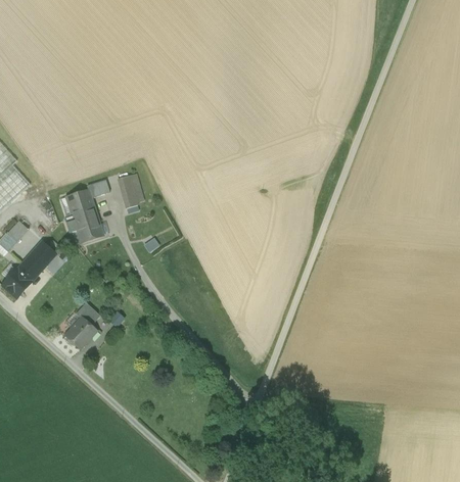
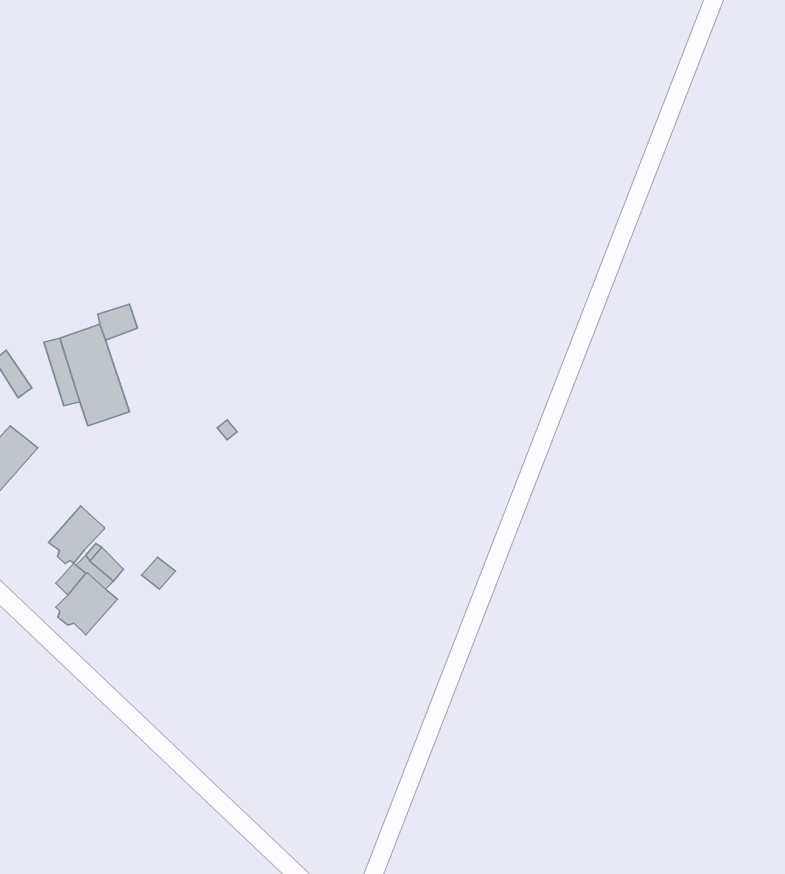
building: [117,173,142,206] -> none
building: none -> [49,506,104,564]

